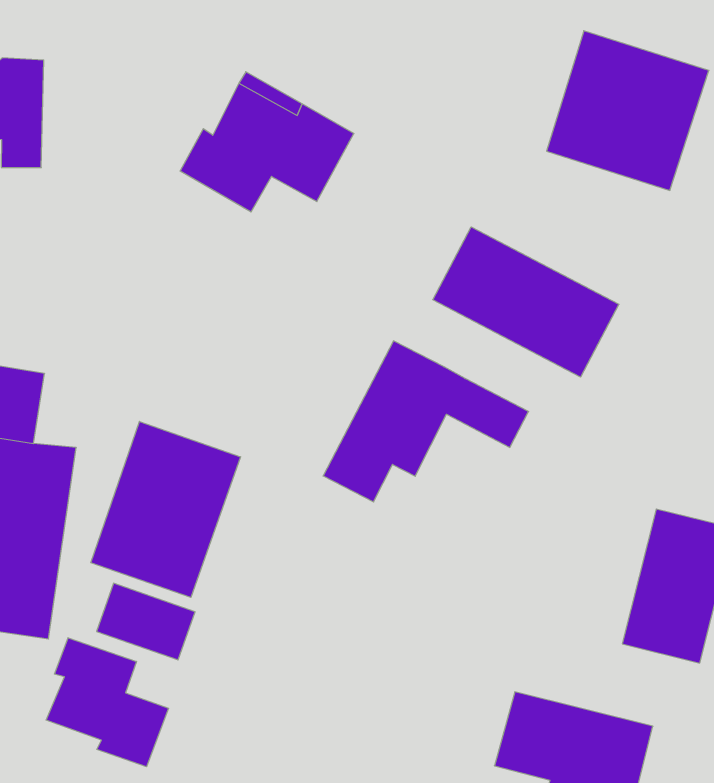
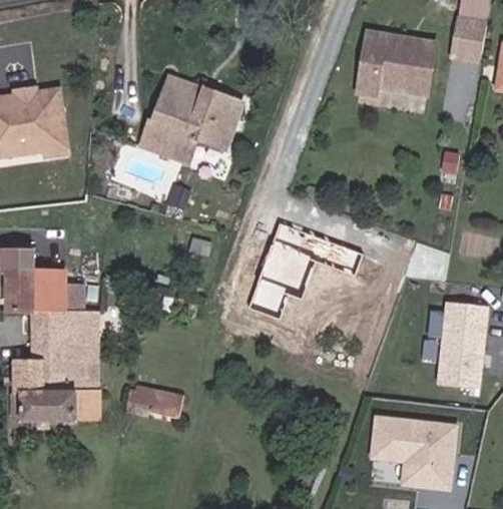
building: [433,227,619,377] -> none
building: [91,421,241,597] -> none
building: [46,638,169,767] -> none

